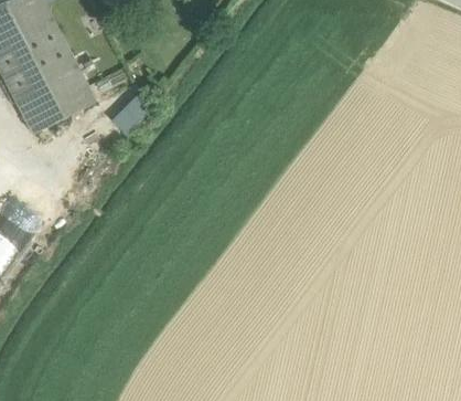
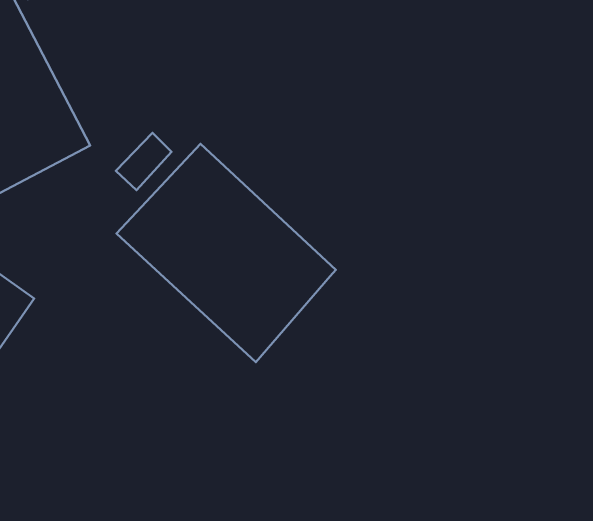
building: none -> [116,144,336,362]

